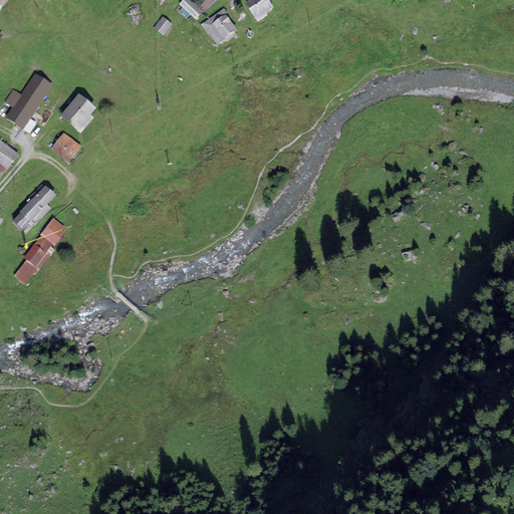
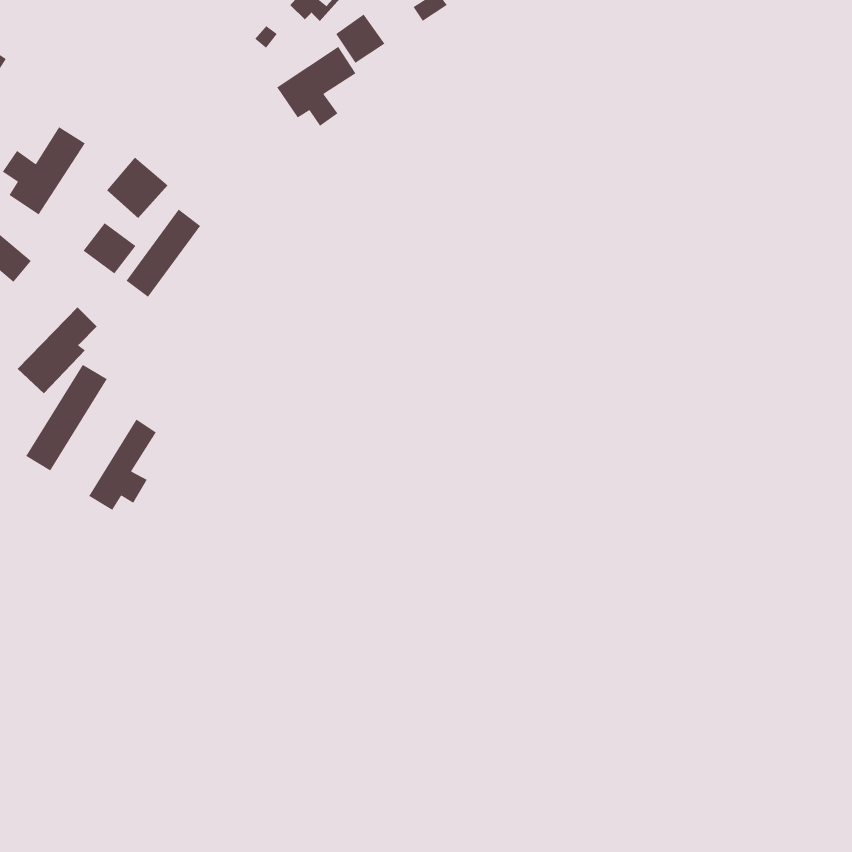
building: none -> [276,46,356,127]
building: none -> [125,209,201,298]
building: none -> [88,419,157,511]

